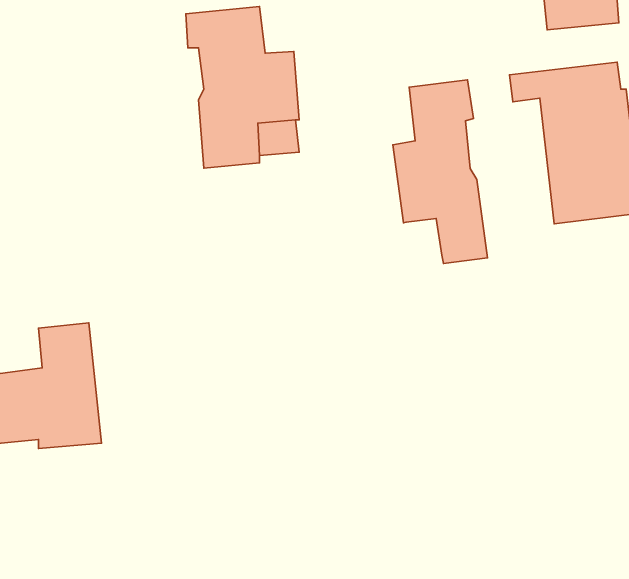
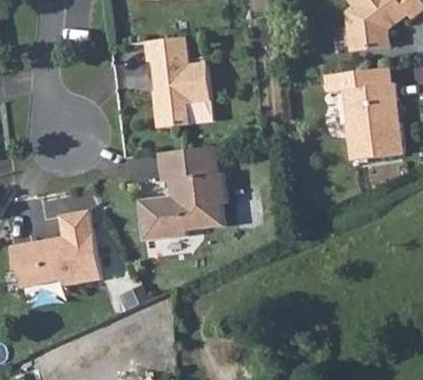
building: [393,80,488,263] -> none
building: none -> [137,146,223,239]

